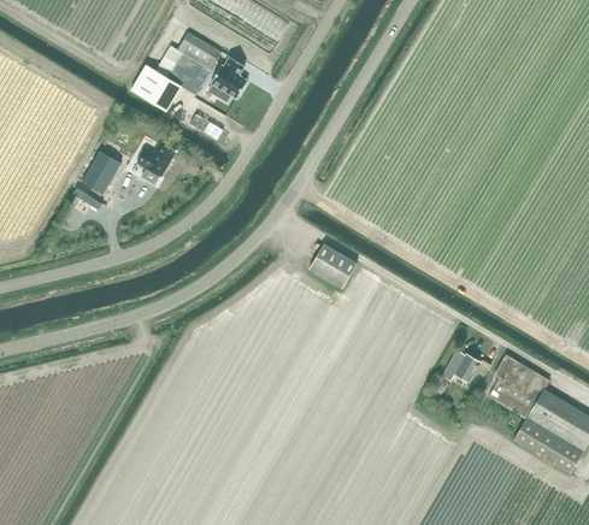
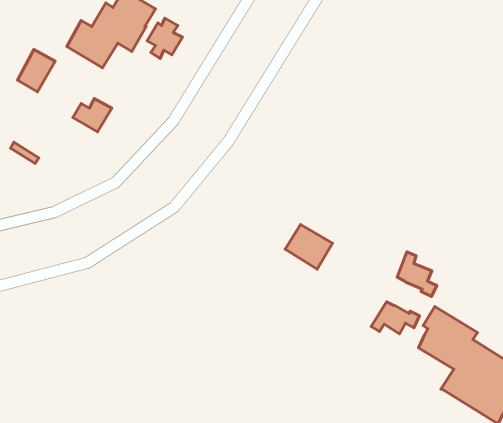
building: [82,151,120,194] -> [17,49,55,92]
building: [308,243,357,289] -> [285,224,332,269]
building: none -> [397,252,437,297]

